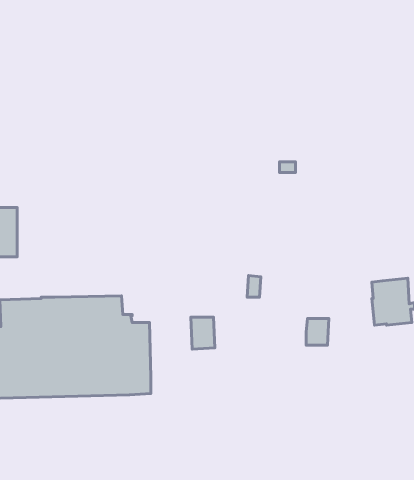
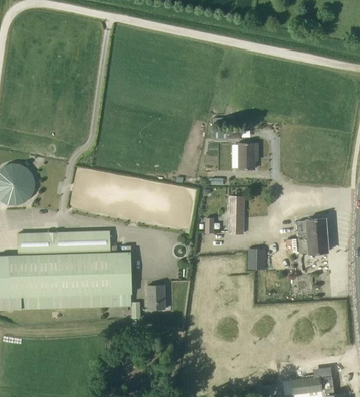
building: none -> [240,143,258,169]
building: none -> [230,196,244,233]
building: [191,317,215,349] -> [148,286,166,310]

